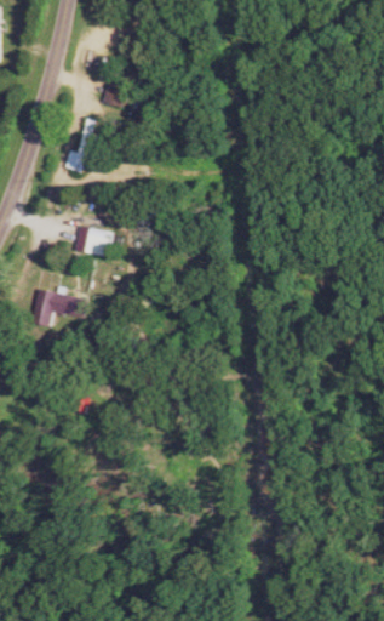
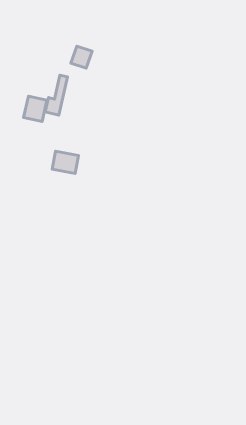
building: none -> [24,96,47,122]
building: [33,289,78,326] -> none

